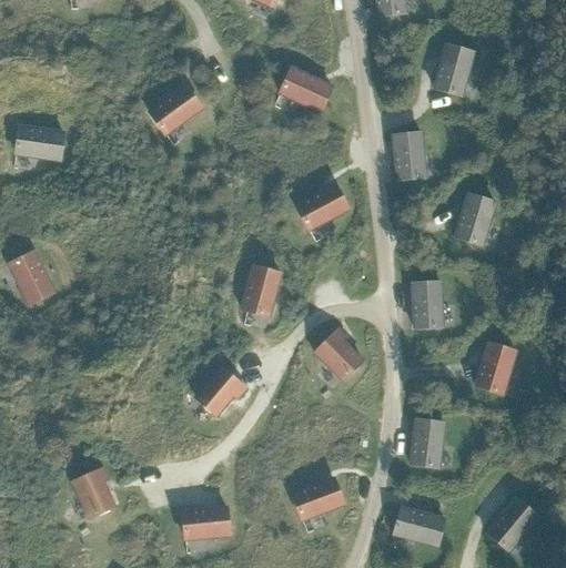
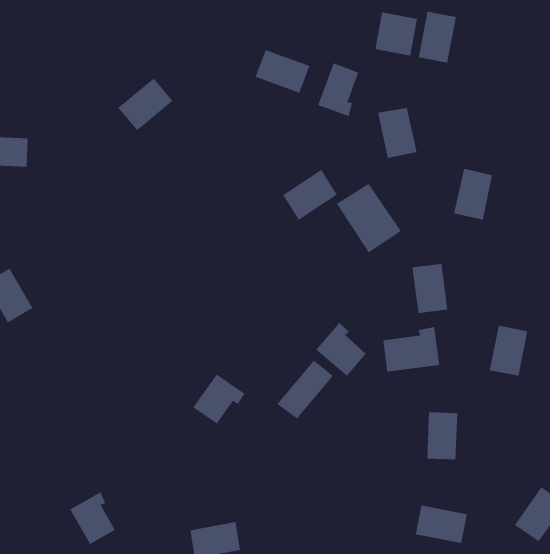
building: none -> [375,11,418,57]
building: none -> [317,62,359,117]
building: none -> [336,183,402,253]
building: [242,265,281,315] -> none
building: none -> [383,326,440,372]
building: none -> [276,359,334,419]
building: [292,477,344,520] -> none

